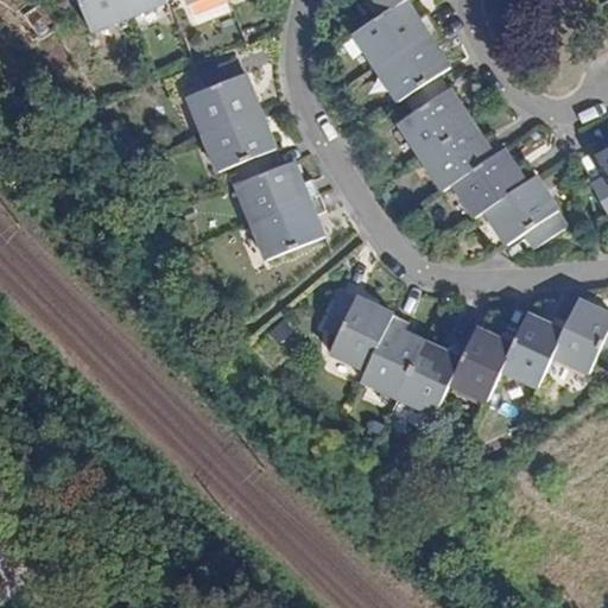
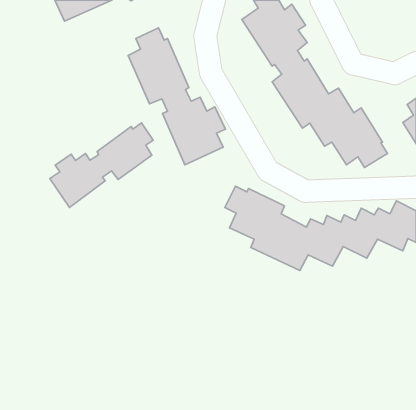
building: none -> [50,123,153,207]

